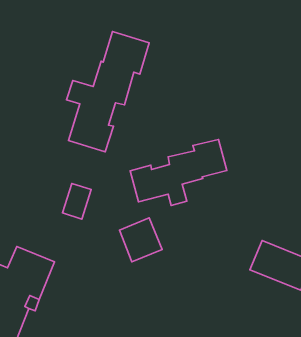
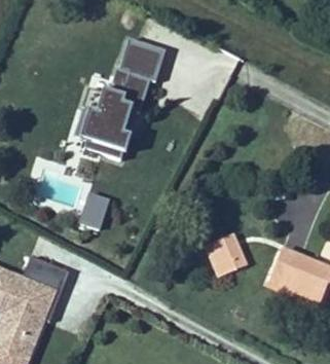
building: [130,140,227,205] -> none
building: [120,218,162,262] -> [204,230,247,275]

